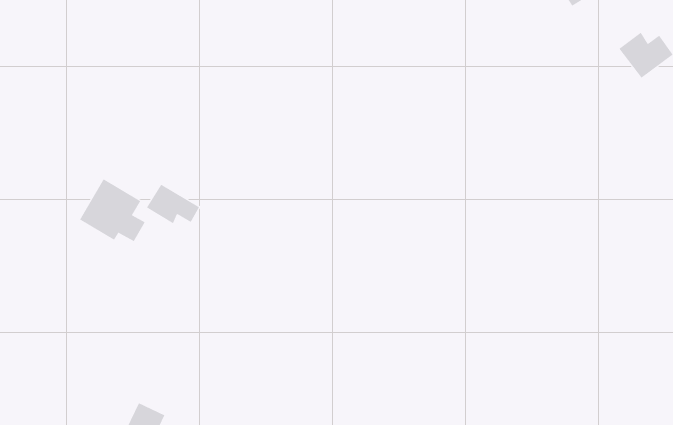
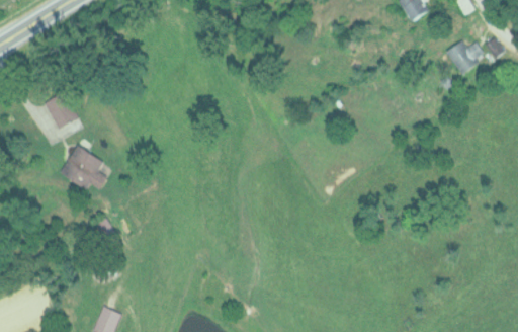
building: none -> [48,93,76,127]
building: [146,184,200,224] -> none

